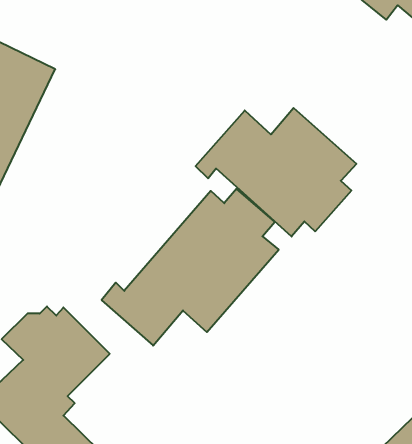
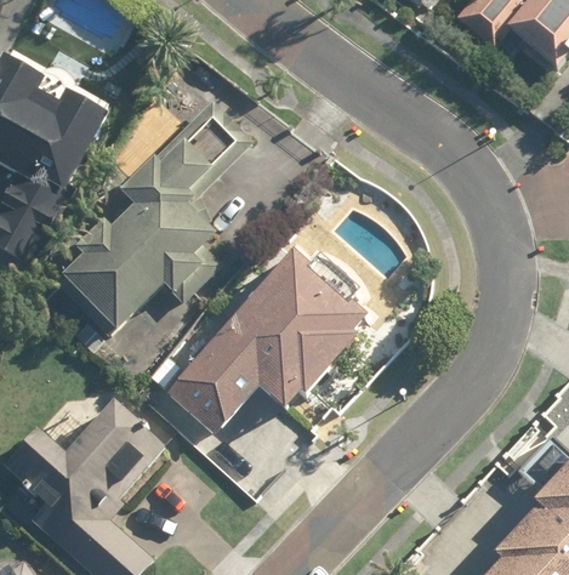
building: none -> [55,107,235,335]
building: [196,108,356,237] -> none

